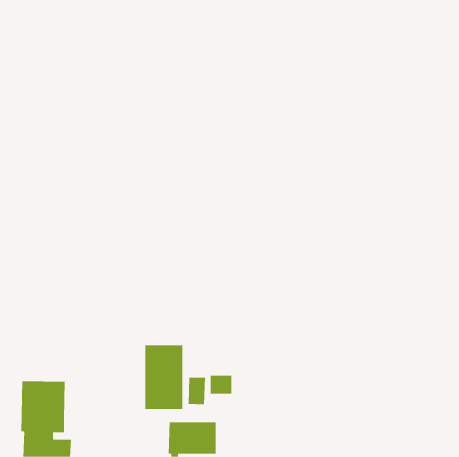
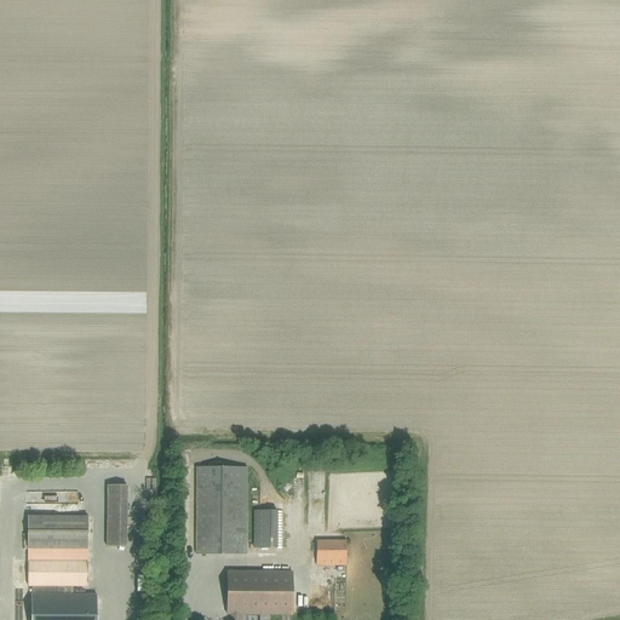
building: none -> [107,483,127,544]
building: [210,375,232,394] -> [315,539,345,564]

